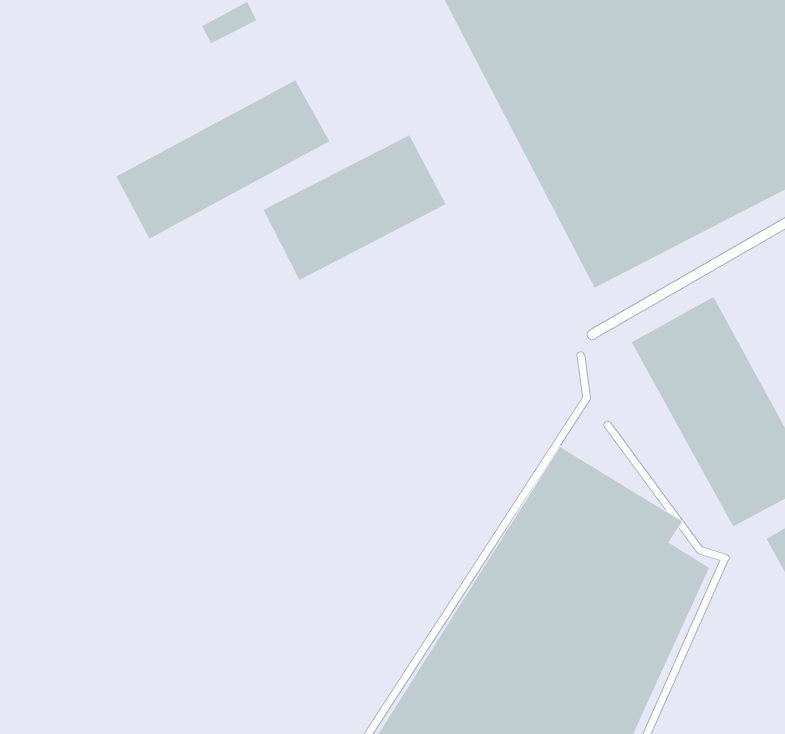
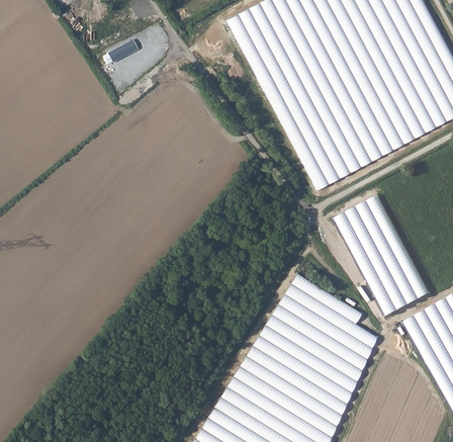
building: [116,79,330,240] -> none
building: [263,135,446,281] -> none

